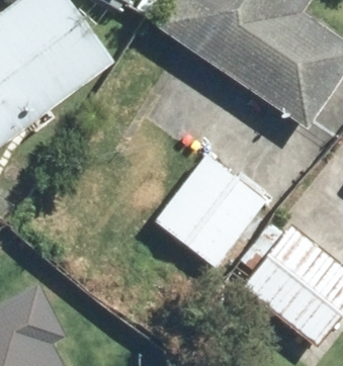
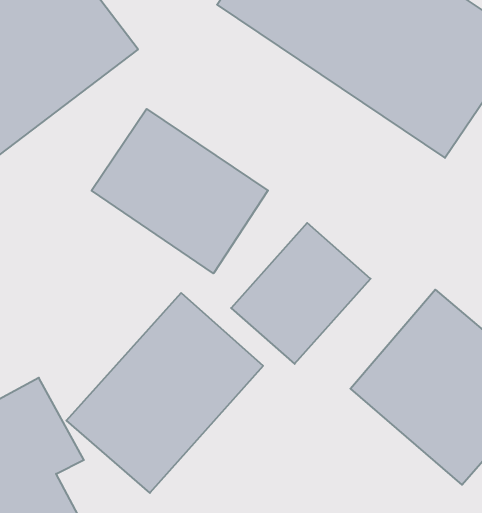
building: none -> [92,109,268,273]
building: none -> [66,293,263,493]

